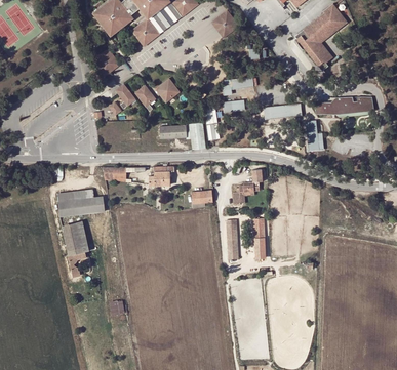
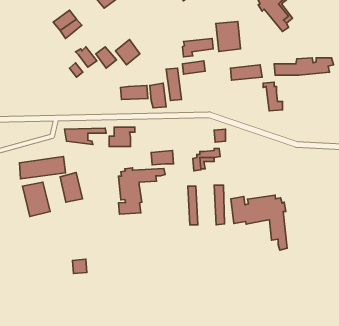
building: none -> [216,22,241,52]
building: none -> [118,168,165,214]
building: none -> [60,172,82,202]
building: none -> [231,195,287,250]

